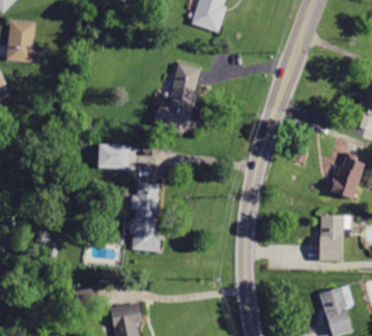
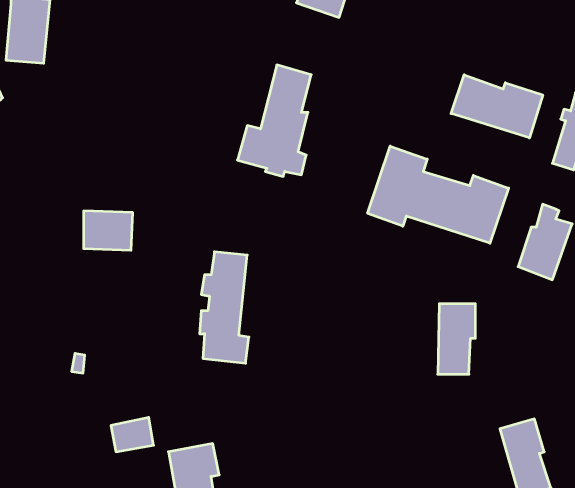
building: none -> [451,75,543,138]
building: none -> [368,146,509,243]
building: [97,142,128,167] -> [84,211,133,250]
building: [319,215,343,259] -> [438,304,475,374]

